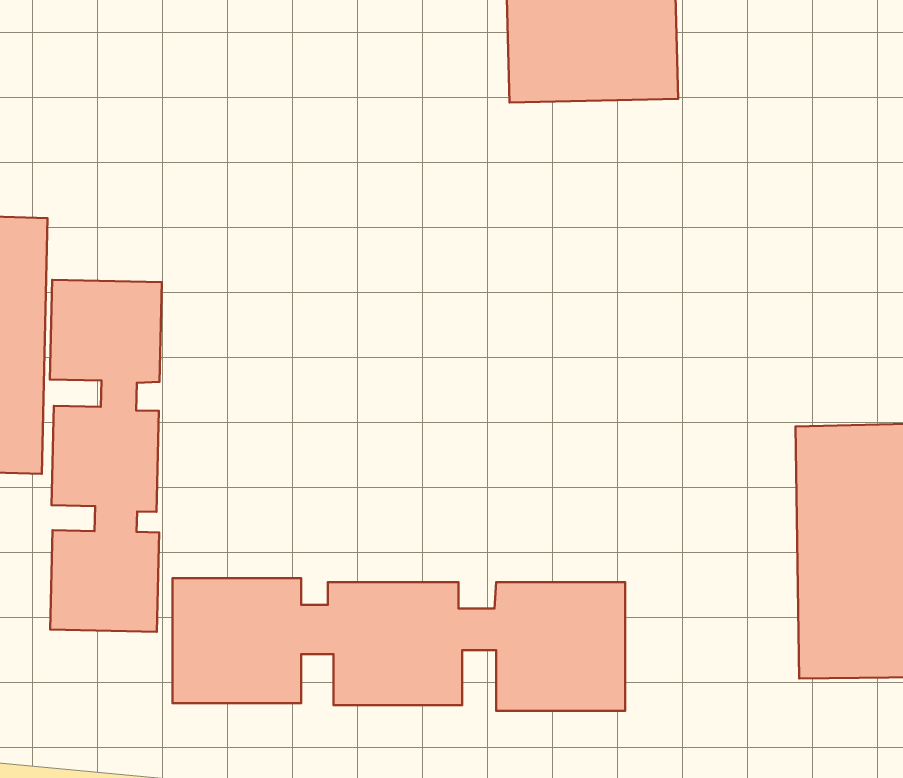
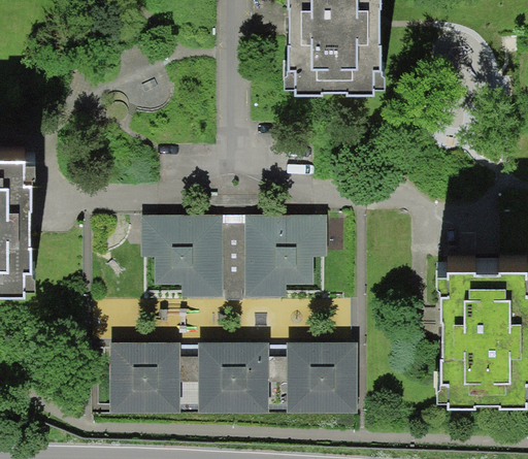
building: [50,280,162,632] -> none
building: none -> [137,214,325,302]

